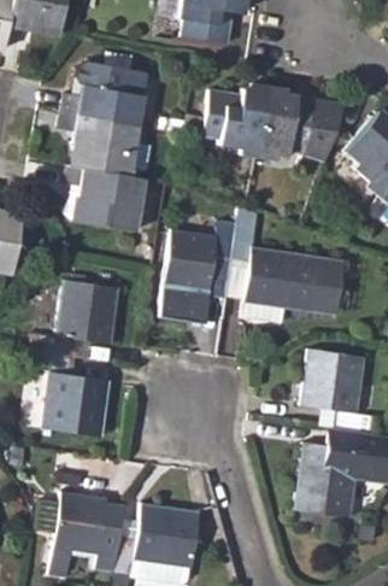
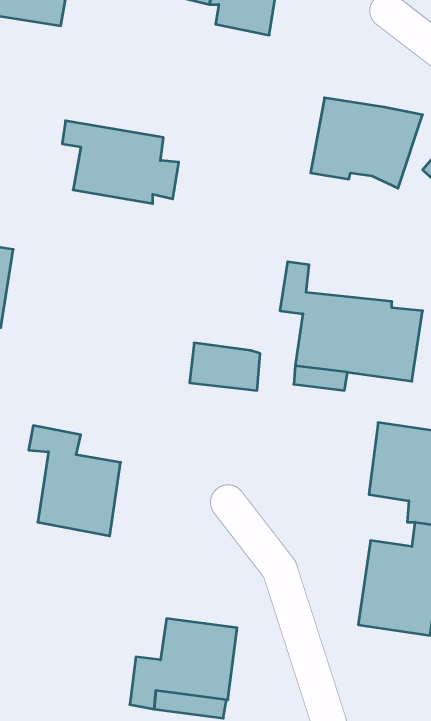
building: [64,61,149,124] -> none
building: [204,88,268,152] -> none
building: [65,165,146,232] -> none
building: [165,219,239,292] -> none
building: [39,280,120,358] -> none
building: [51,491,119,578] -> none

